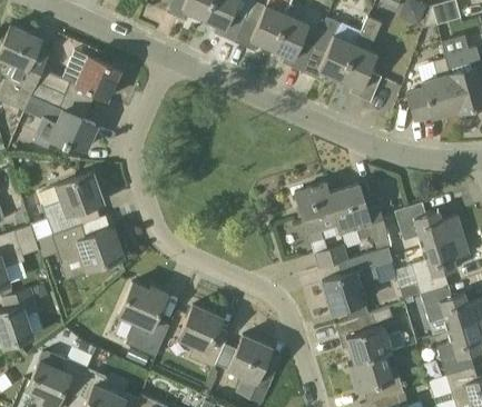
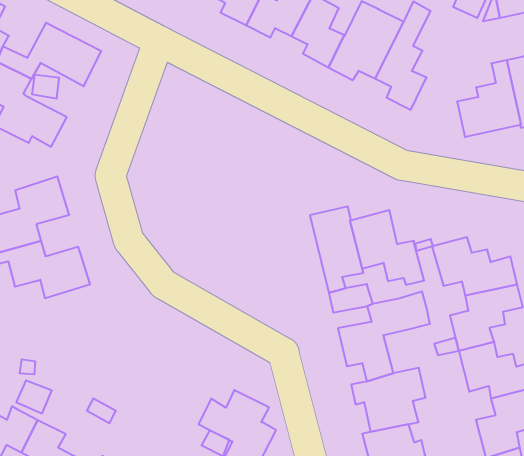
building: [119,282,170,358] -> none
building: [179,306,229,368] -> none

